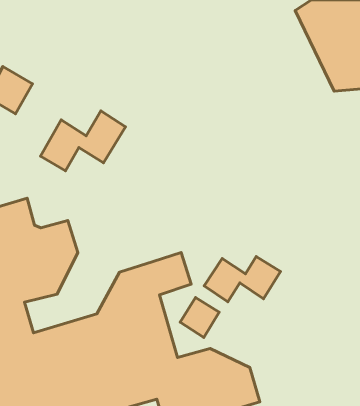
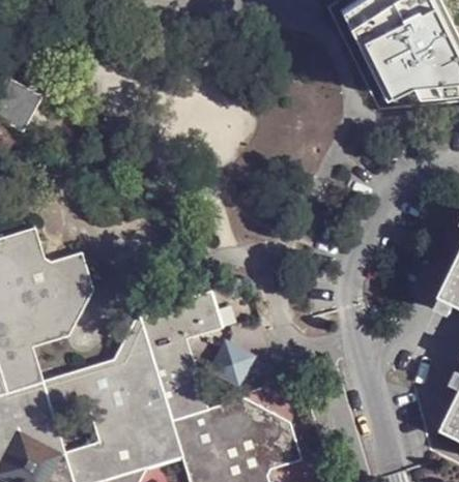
building: [40,111,125,171] -> none
building: [204,257,280,302] -> none

